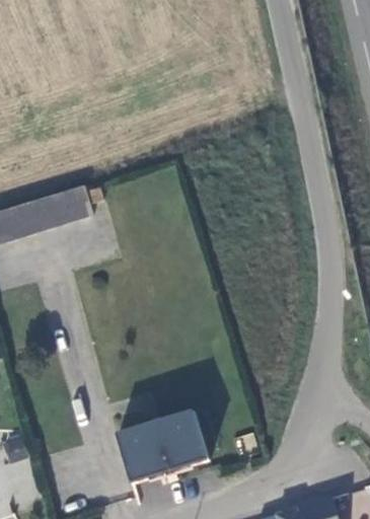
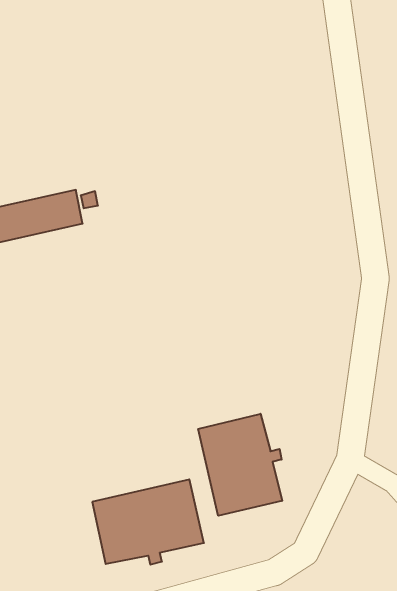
building: none -> [198,414,282,516]

